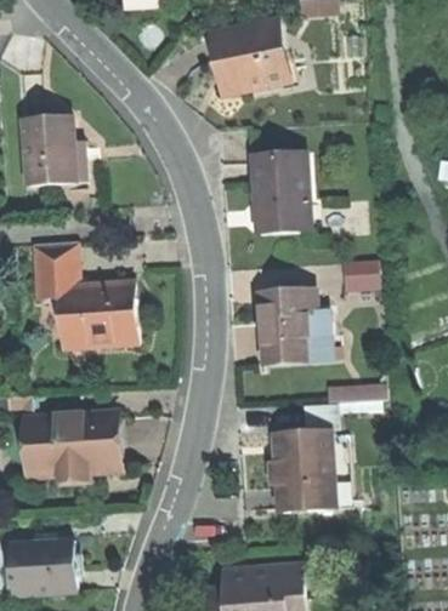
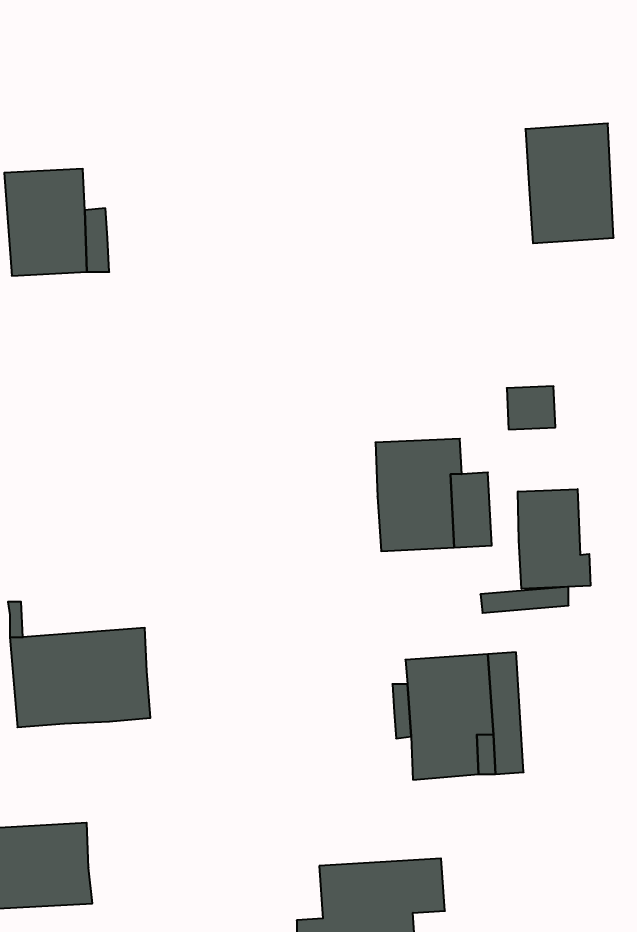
building: [211,21,290,92] -> none
building: [251,153,308,230] -> [525,123,614,243]
building: [32,241,135,349] -> none
building: none -> [518,489,590,589]

